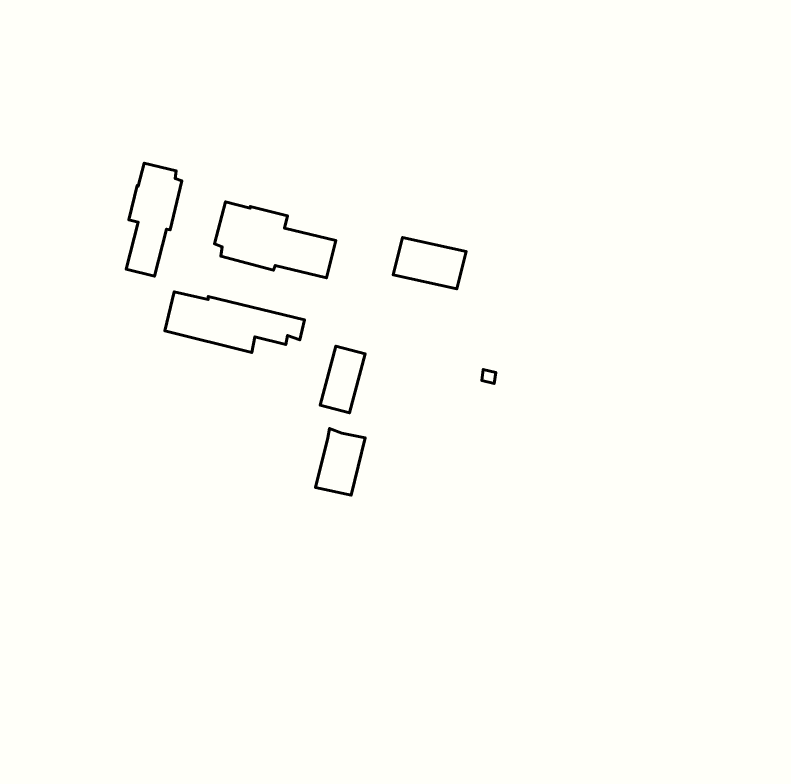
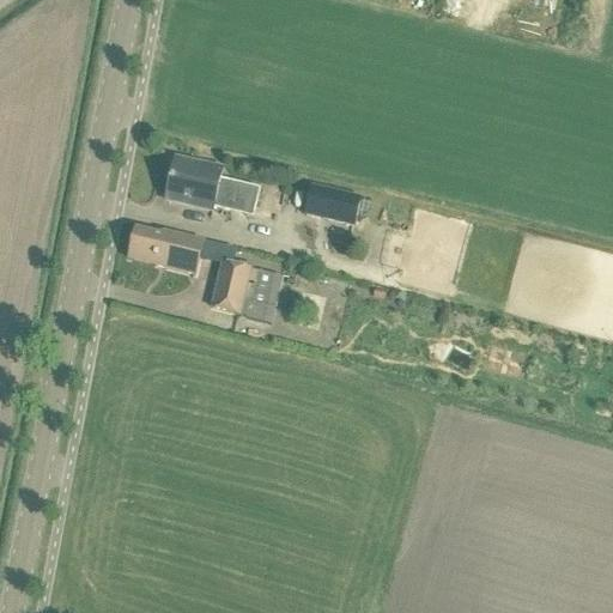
building: [126,163,182,276] -> none
building: [315,428,365,495] -> [211,259,249,310]

